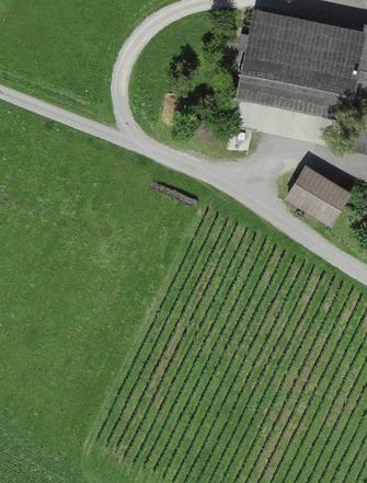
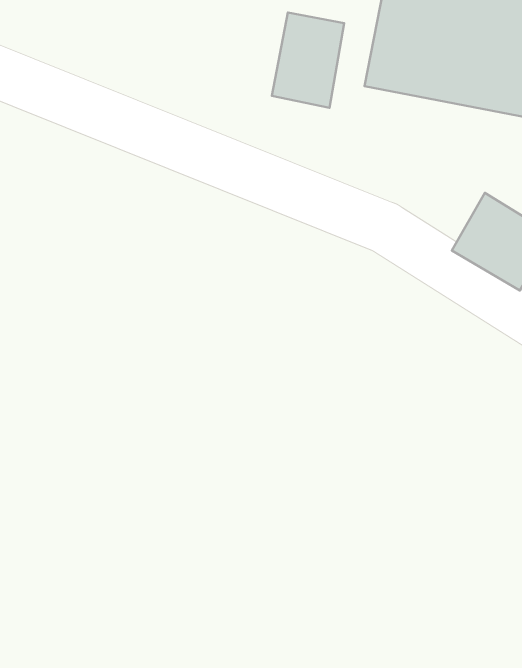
building: none -> [272,12,344,108]

